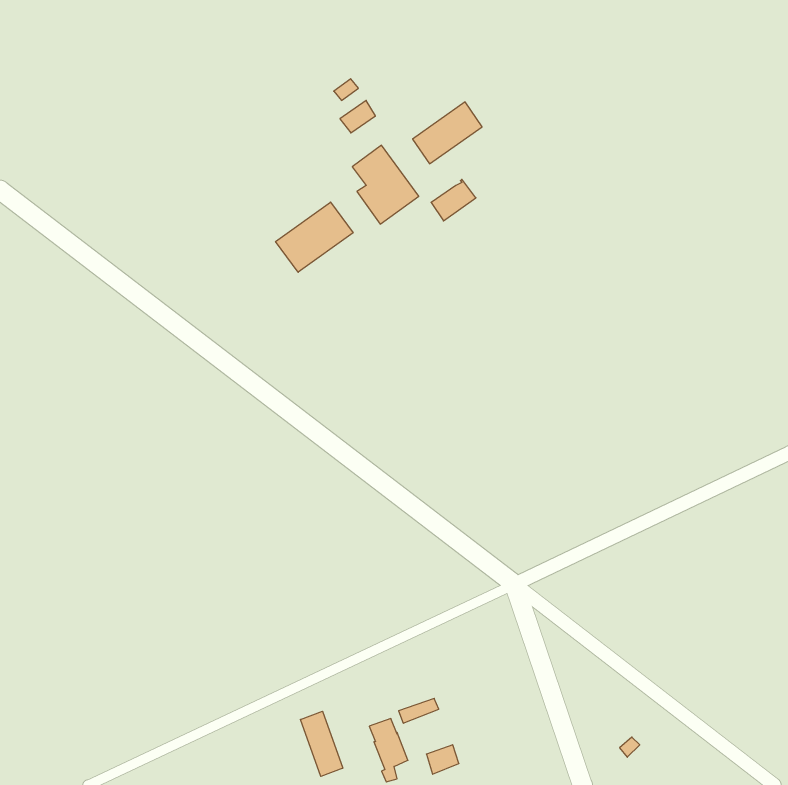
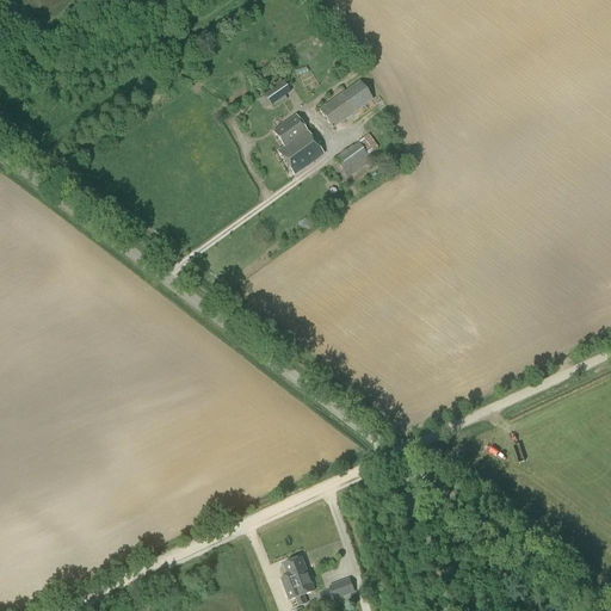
building: [276,202,353,272] -> none
building: [300,711,343,776] -> none

